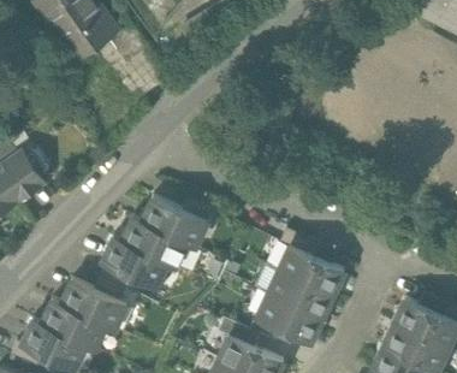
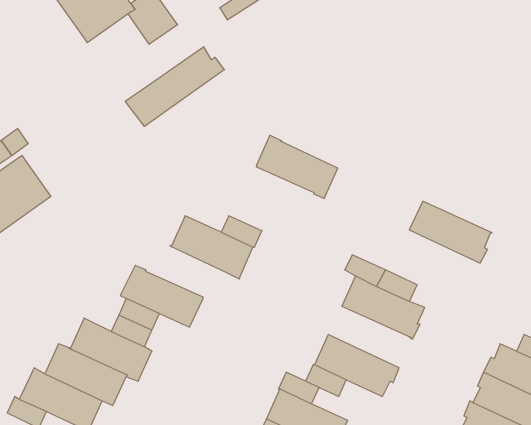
building: none -> [125,47,224,126]
building: [120,219,185,270] -> [256,135,338,198]
building: [266,272,332,321] -> [409,201,492,263]

